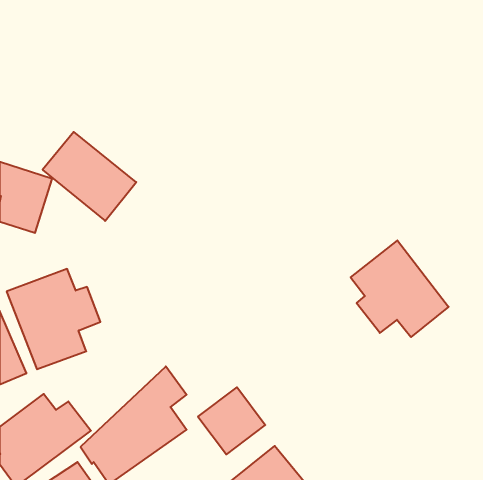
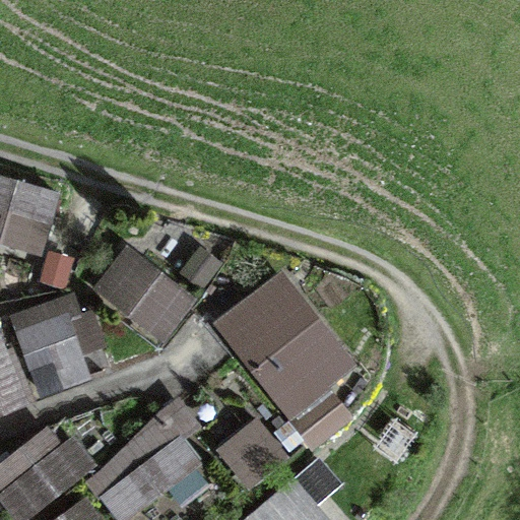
building: [43,132,136,221] -> [92,249,193,344]
building: [351,240,449,337] -> none
building: none -> [213,268,359,418]

